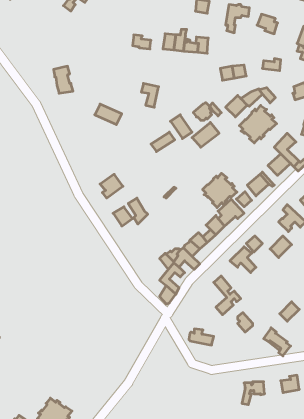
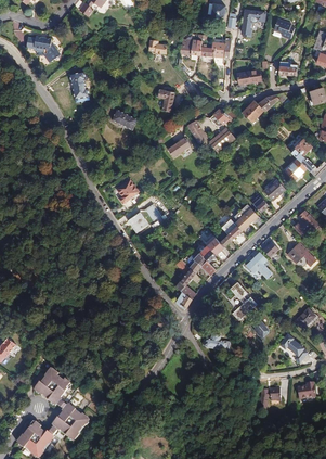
building: none -> [26,36,61,62]
building: [239,105,277,143] -> none
building: [203,173,237,208] -> none
building: none -> [35,368,69,404]

